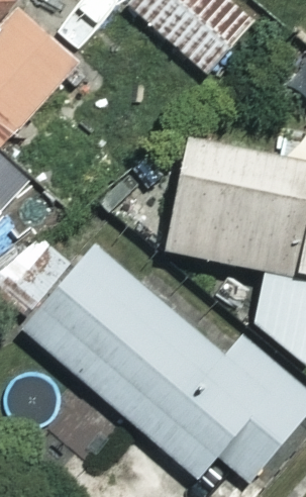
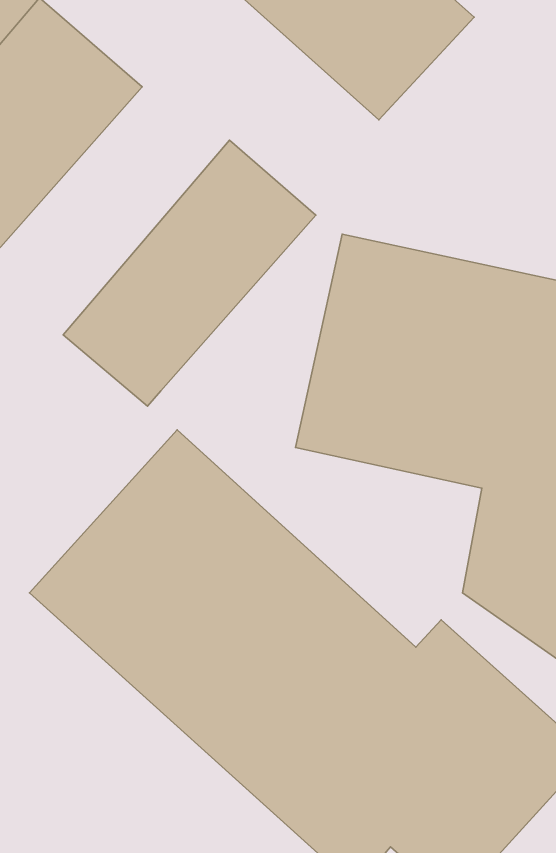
building: none -> [63,140,316,406]

